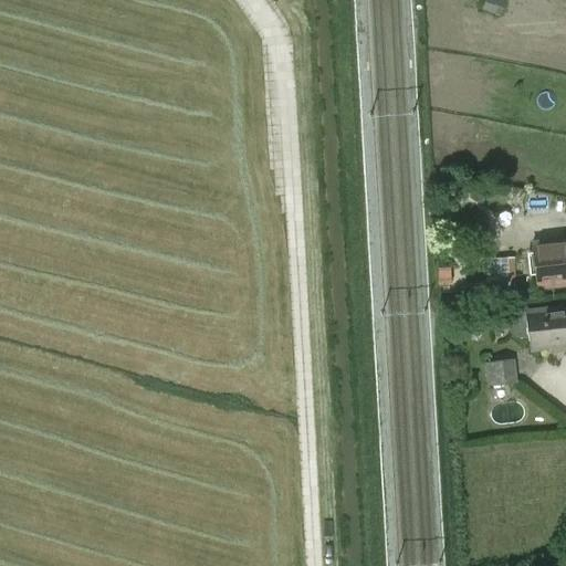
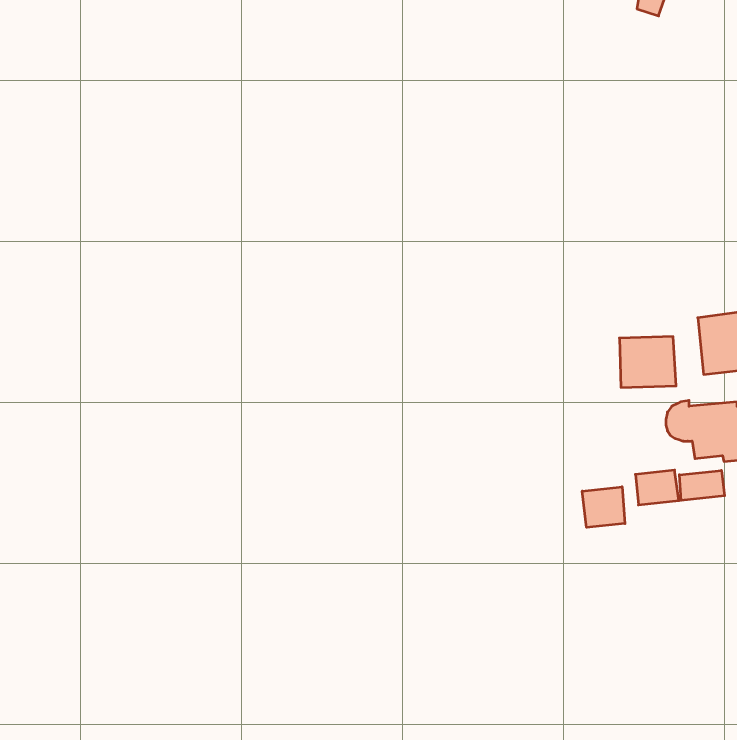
building: none -> [679,470,725,500]
building: none -> [582,487,625,527]

